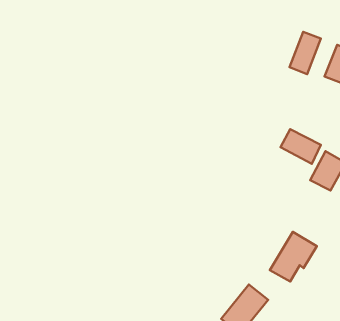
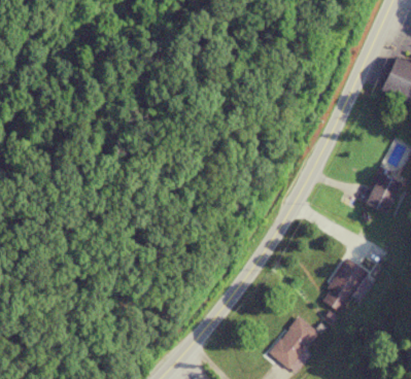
building: [290,32,321,74] -> none
building: [280,129,321,164] -> none

